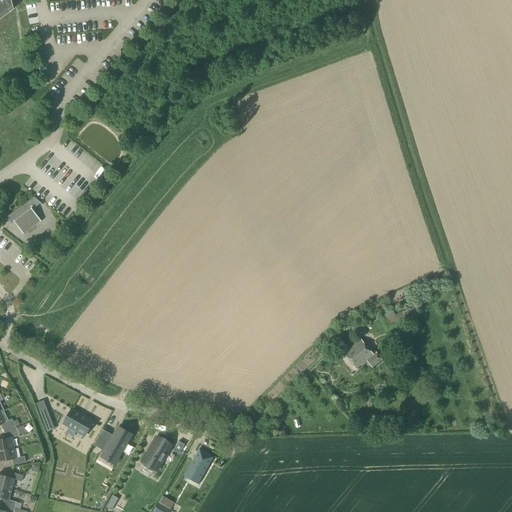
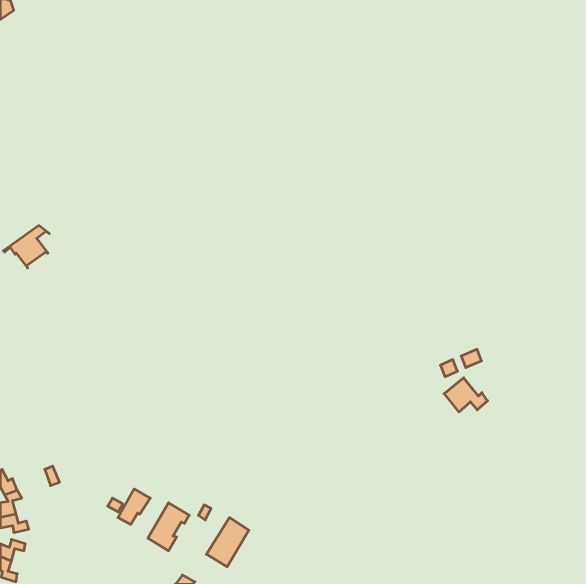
building: [343,339,381,369] -> [444,378,488,412]
building: [64,408,94,435] -> none

